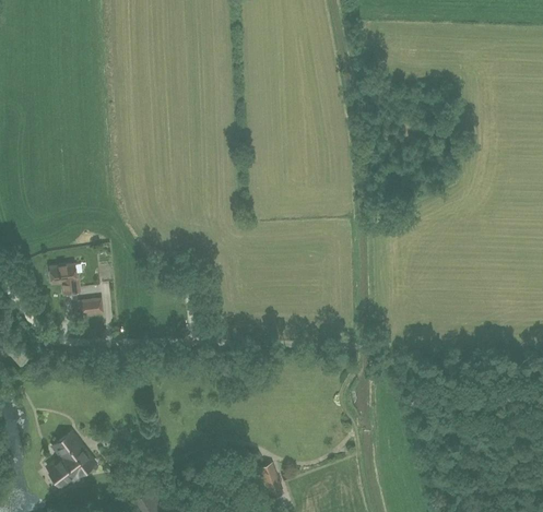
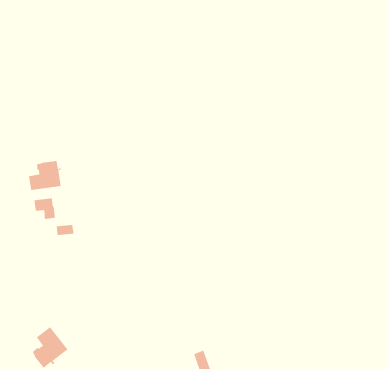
building: none -> [28,160,62,191]

